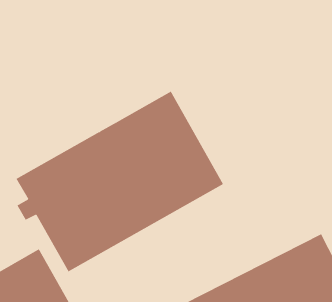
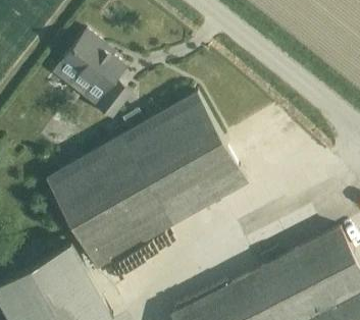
building: none -> [60,32,128,119]

